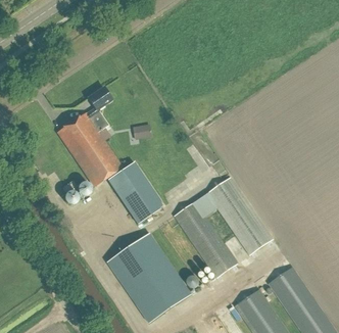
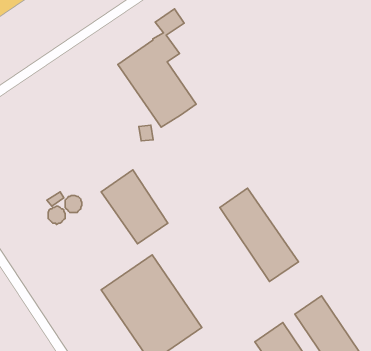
building: [55,86,122,186] -> [118,9,196,127]
building: [174,200,237,277] -> none

